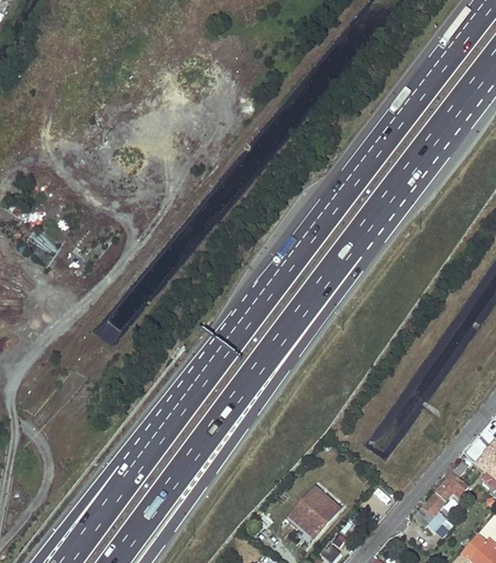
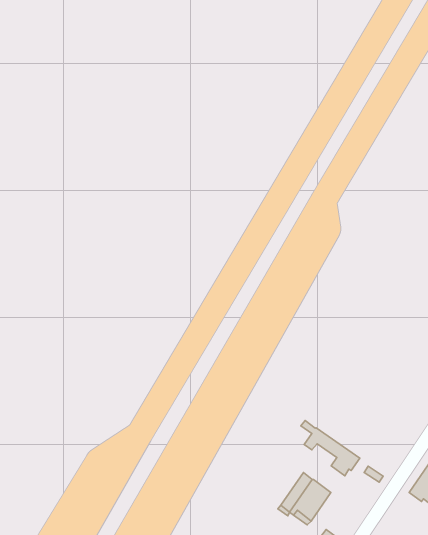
building: none -> [301,420,360,476]

